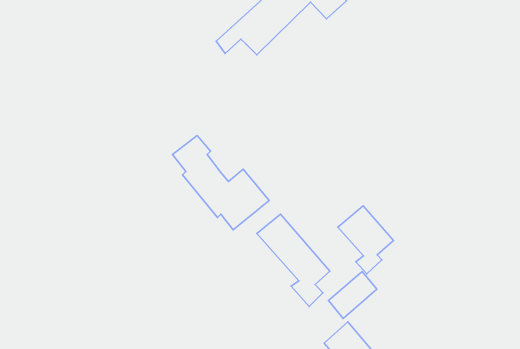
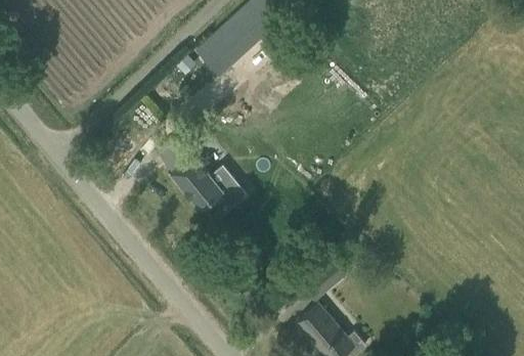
building: [338,206,393,274] -> none
building: [257,214,330,306] -> none

